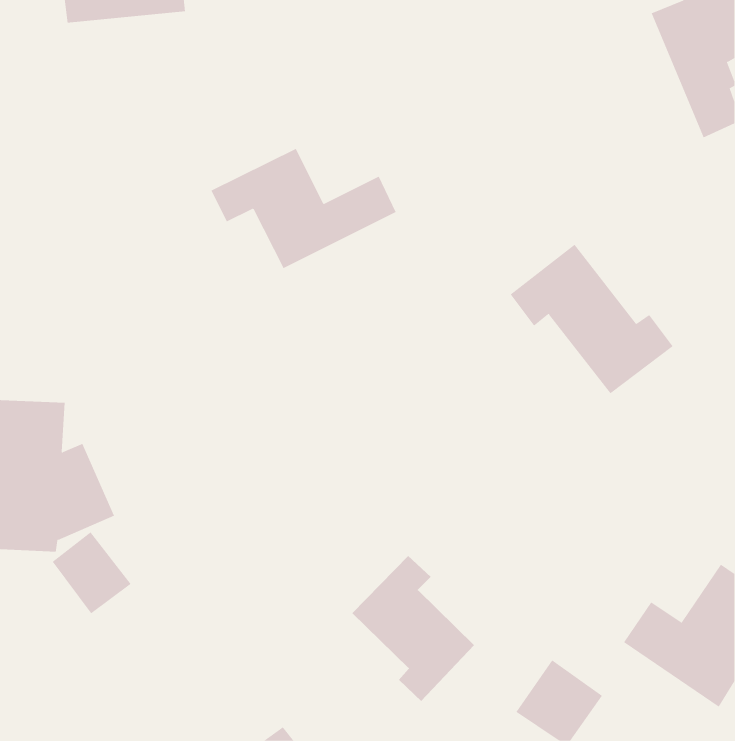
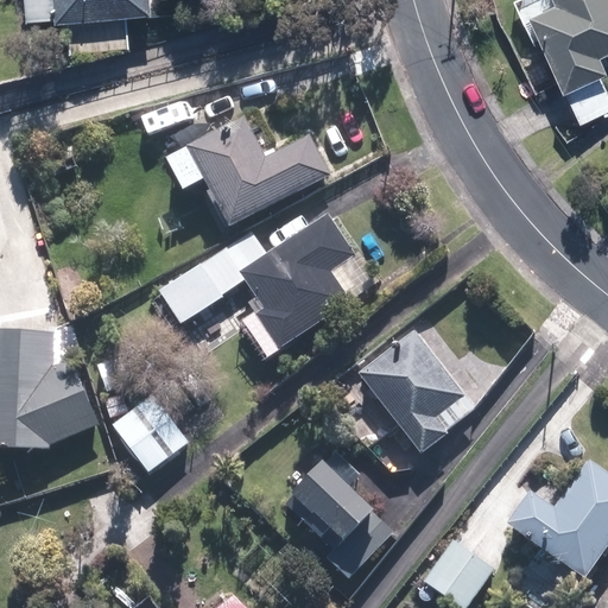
building: [510,244,674,394] -> none
building: none -> [165,218,366,350]
building: none -> [360,330,466,454]
building: [52,531,132,614] -> [114,399,179,467]

